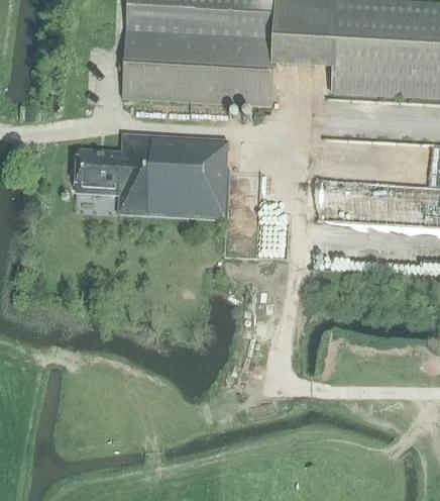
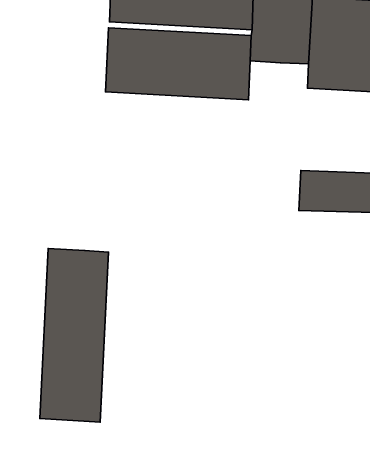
building: [75,133,227,218] -> none
building: none -> [40,249,108,422]

